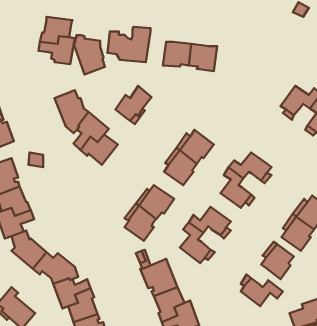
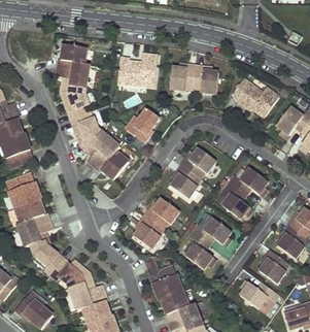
building: [74,35,105,75] -> [61,82,89,119]
building: none -> [232,78,278,117]

